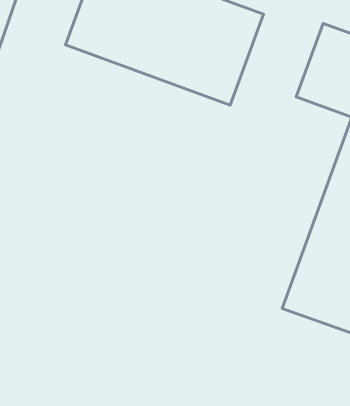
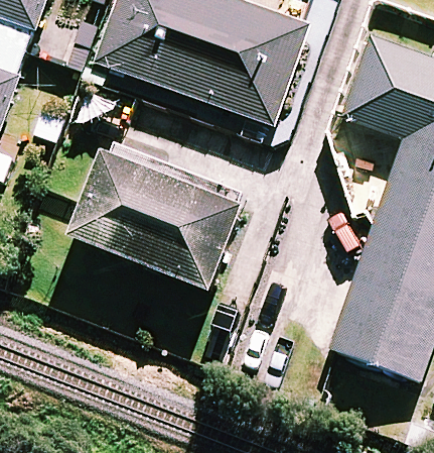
building: none -> [75,153,244,290]

